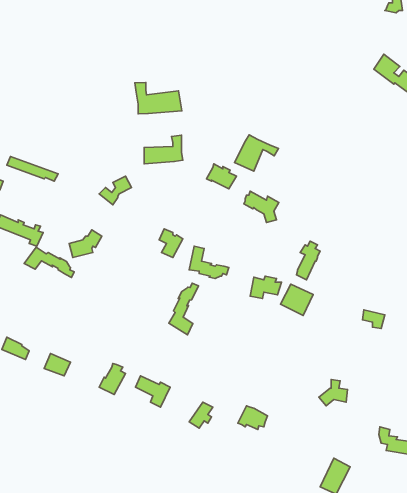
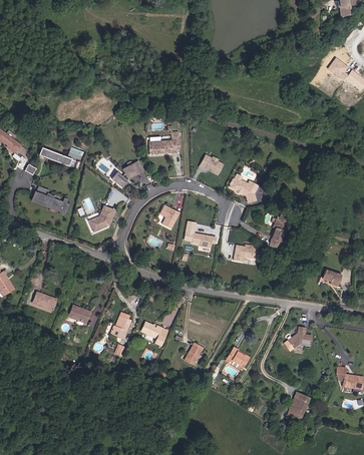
building: [135,82,182,114] -> none
building: [234,135,278,171] -> none
building: [24,247,74,278] -> none
building: [169,283,199,335] -> none
building: [280,284,313,316] -> none

